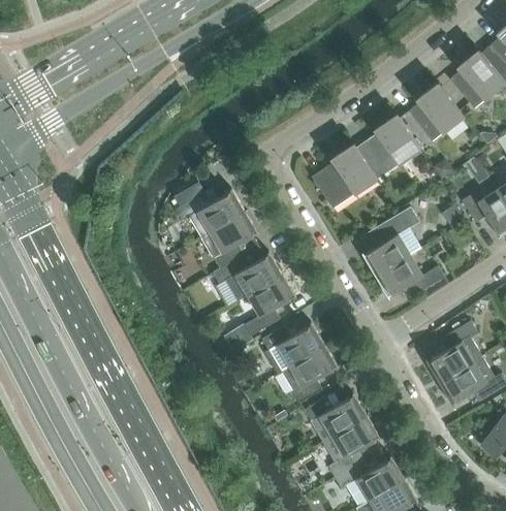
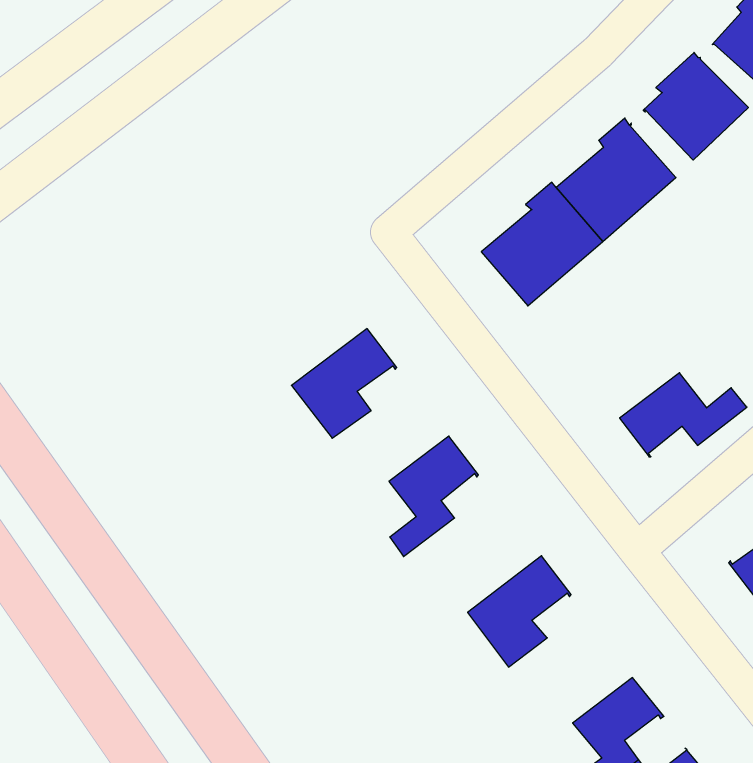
building: [175,189,245,237] -> none
building: [361,218,420,276] -> none
building: [213,252,282,301] -> none
building: [261,322,324,374] -> none
building: [304,393,366,442] -> none

